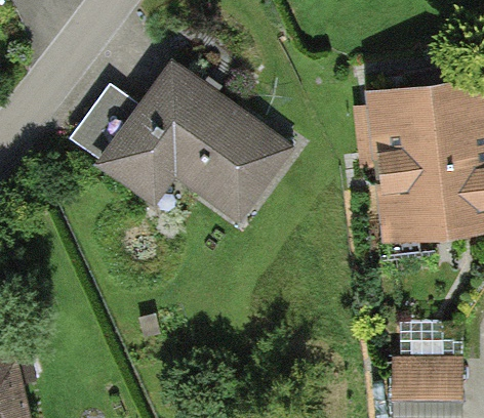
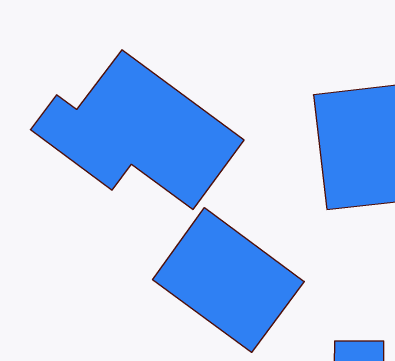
building: none -> [153,208,304,352]

